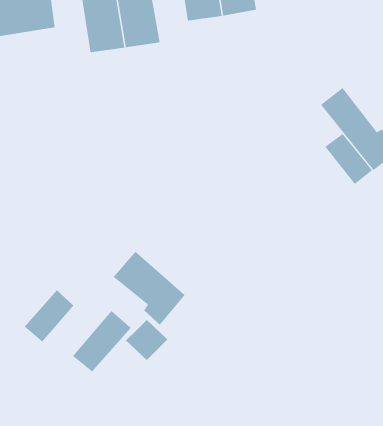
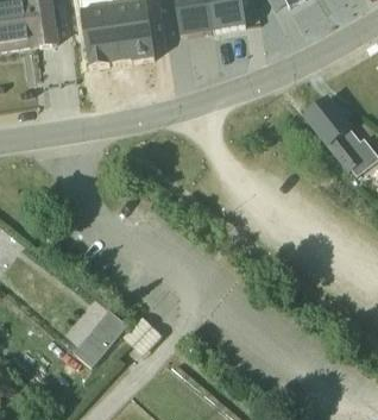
building: [325,133,373,185] -> none
building: [113,251,186,325] -> none
building: [24,290,74,343] -> none

